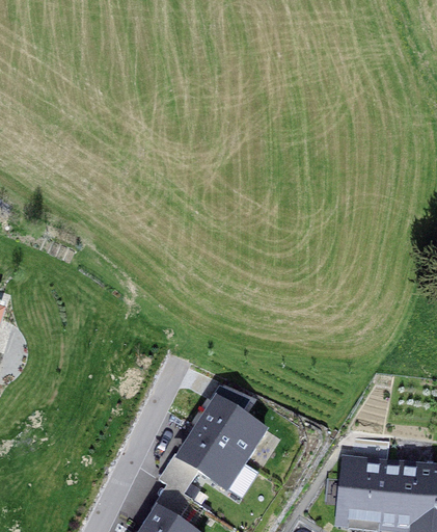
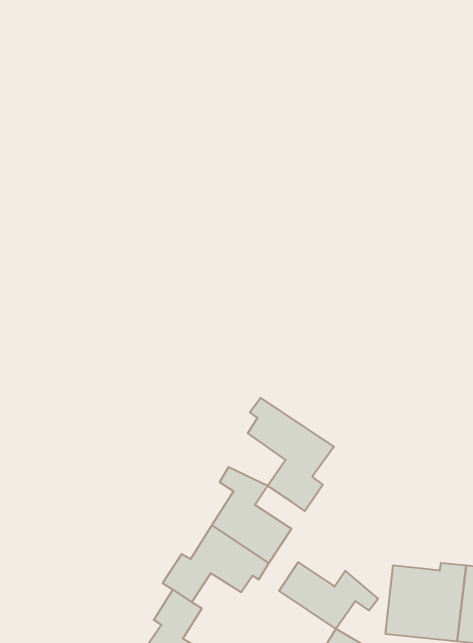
building: none -> [248,398,334,511]
building: none -> [279,562,378,629]

